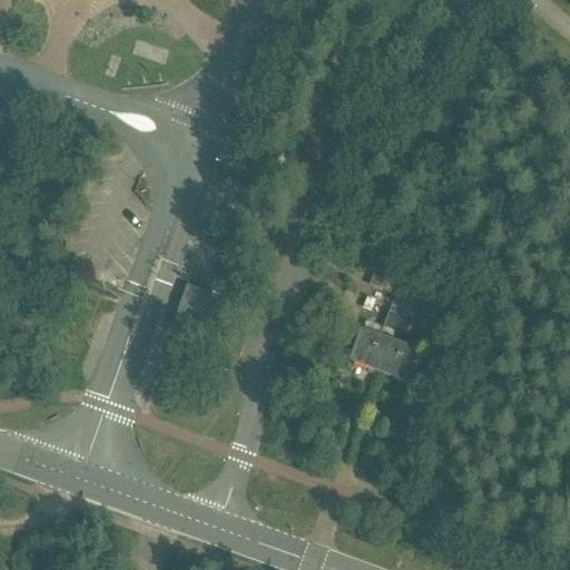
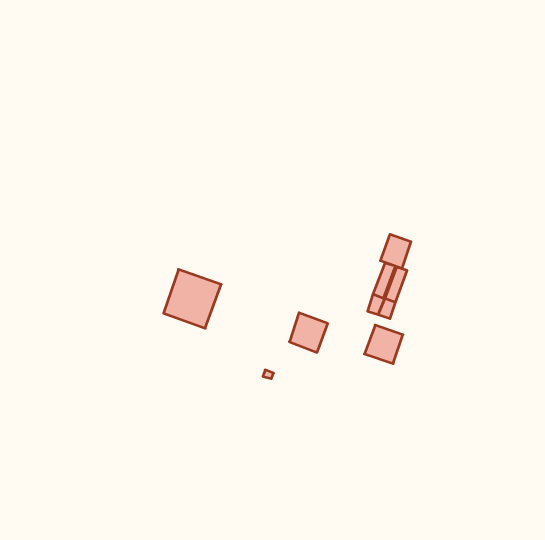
building: none -> [380,234,411,269]
building: [351,327,391,368] -> [289,313,328,352]

